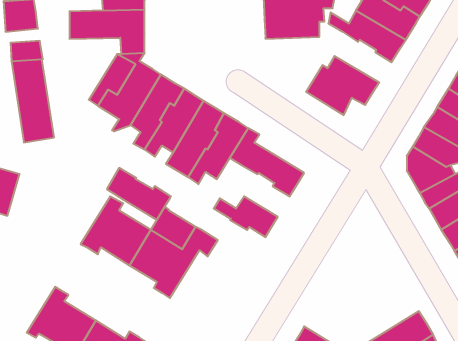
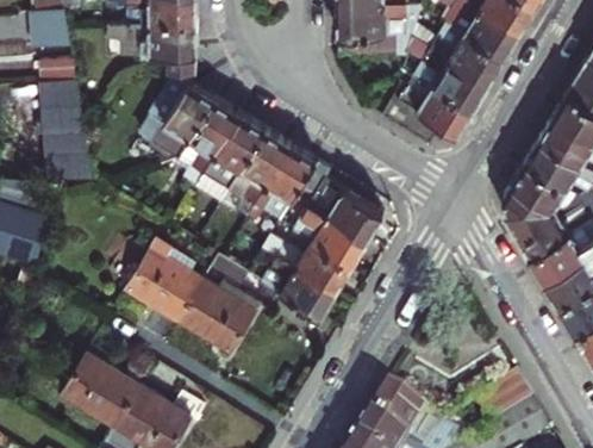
building: none -> [407,36,486,105]
building: none -> [294,201,367,262]
building: [107,168,171,220] -> [263,253,338,313]

